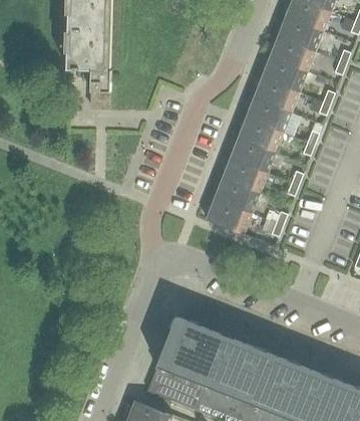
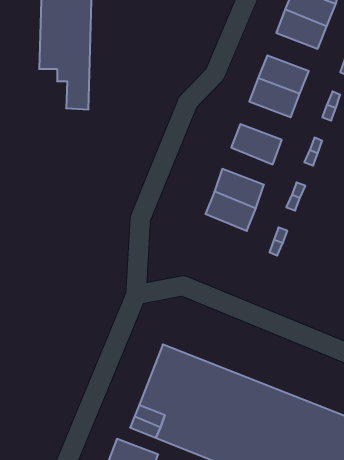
building: [269,37,314,71] -> none
building: [245,98,290,133] -> none
building: [229,140,274,173] -> none
building: [206,199,251,234] -> none

